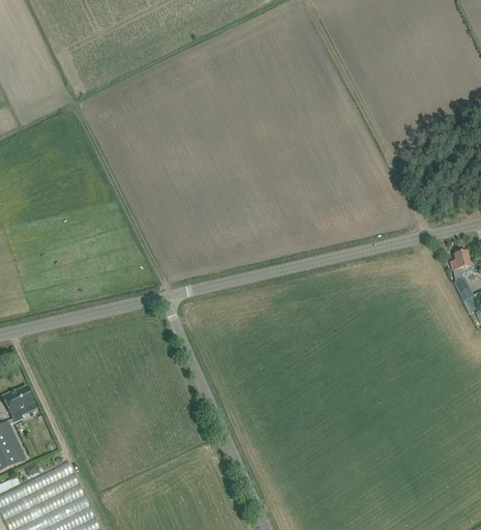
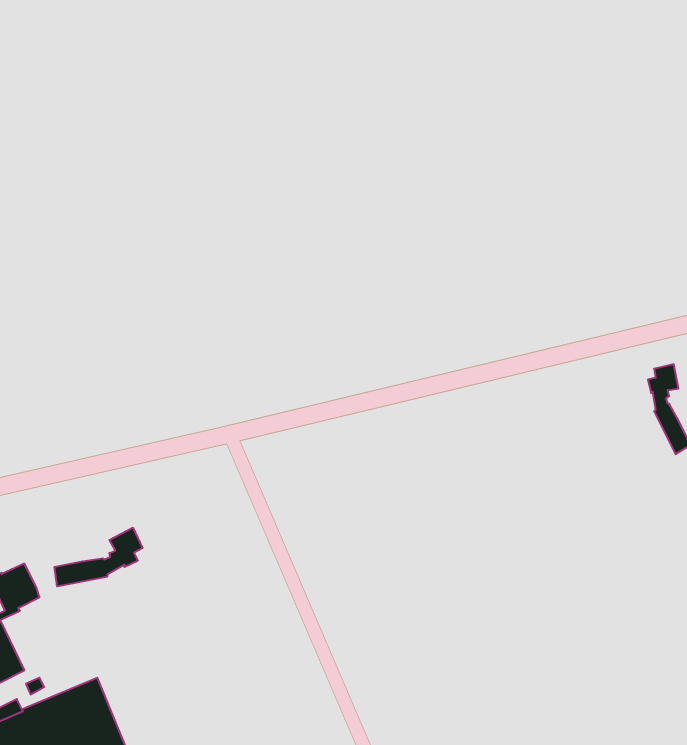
building: none -> [54,528,143,586]

